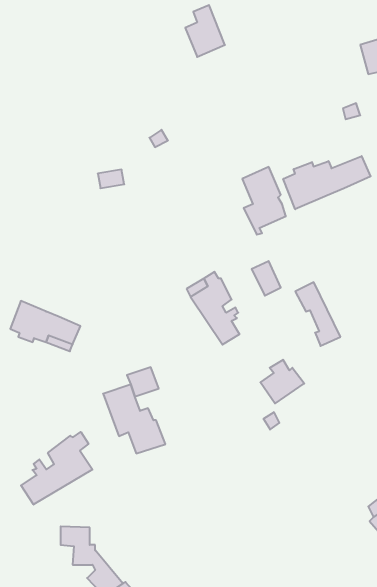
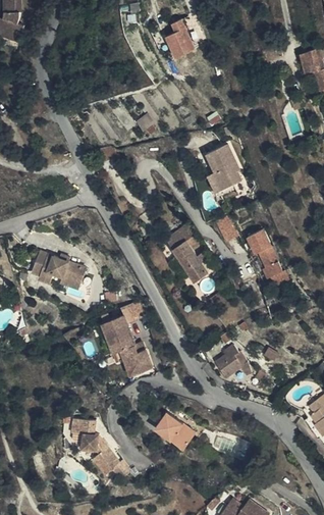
building: [283,156,371,209] -> none
building: [260,360,304,403] -> [221,349,255,382]
building: [21,432,92,505] -> none
building: none -> [152,414,191,450]

